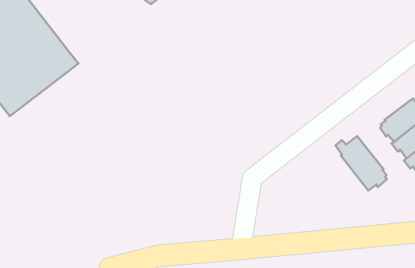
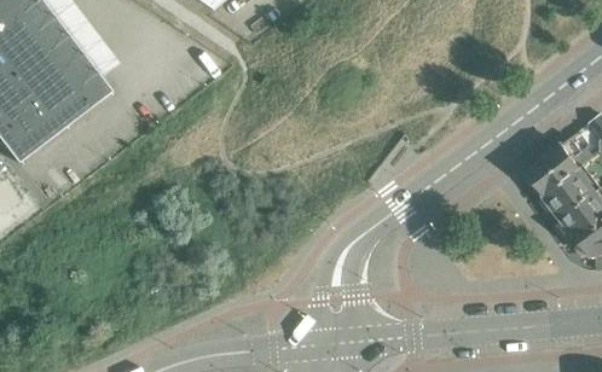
building: [336,136,387,190] -> none

